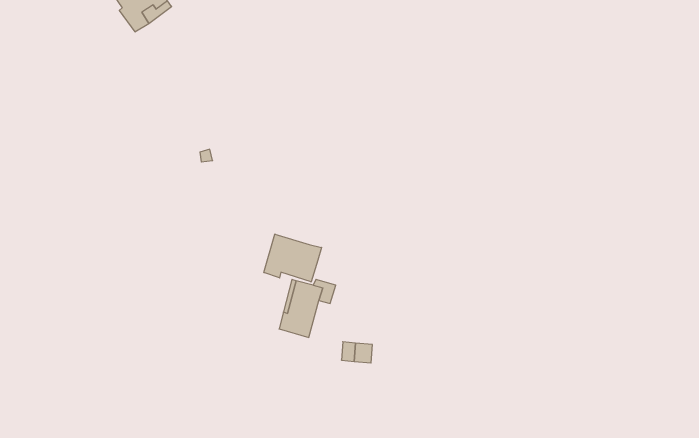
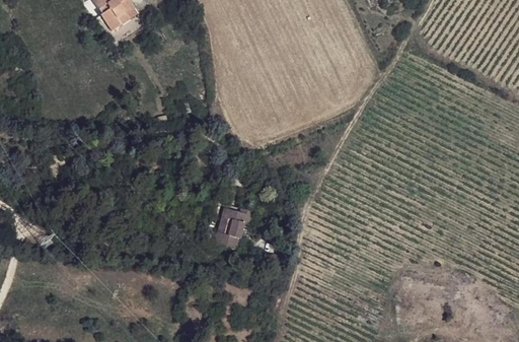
building: [264,234,322,282] -> none

